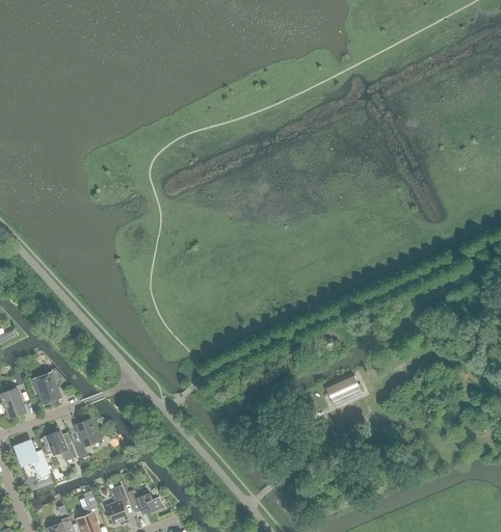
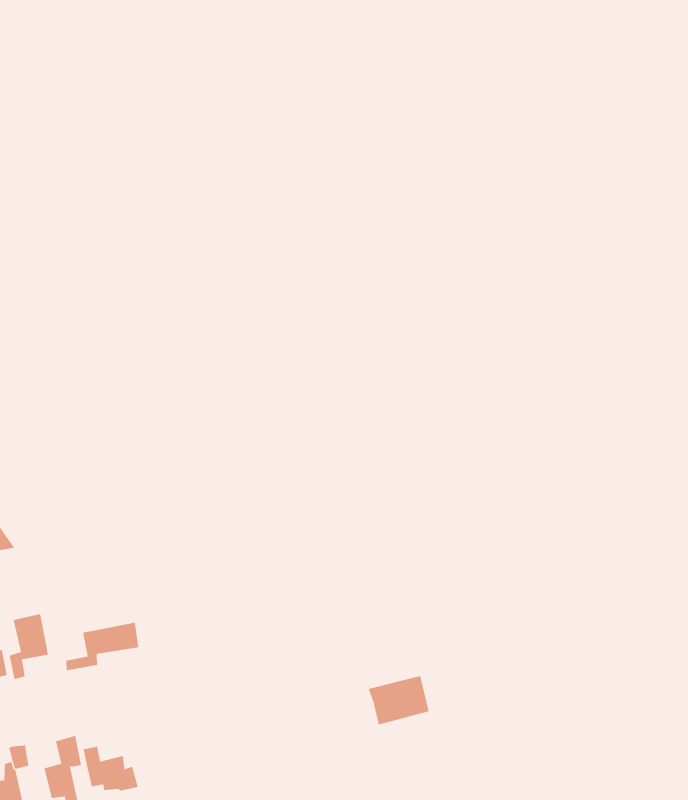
building: [324,374,362,406] -> [368,676,430,725]
building: none -> [66,622,139,671]

